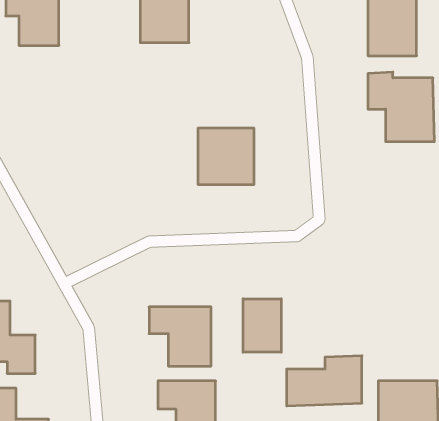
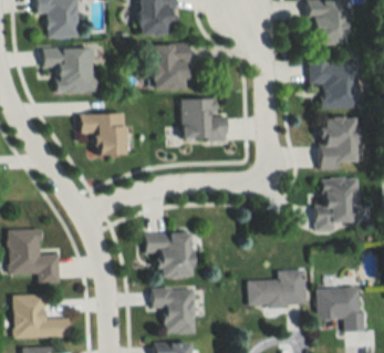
building: none -> [153,44,190,87]
building: none -> [45,48,96,92]
building: none -> [81,113,126,154]
building: none -> [321,116,357,166]
building: none -> [315,177,359,229]
building: [243,299,281,352] -> none

